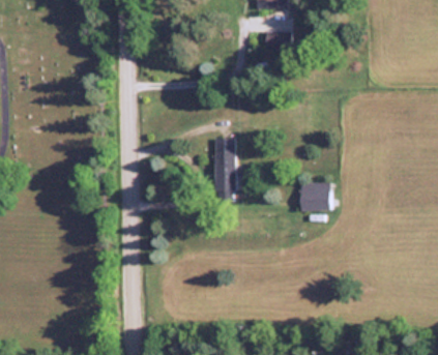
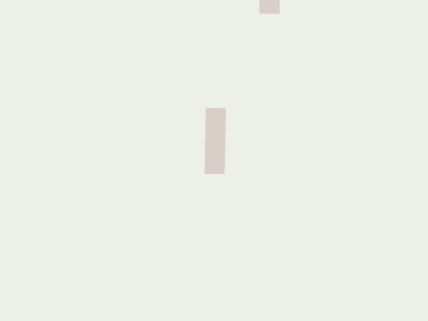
building: [300,181,329,209] -> none

